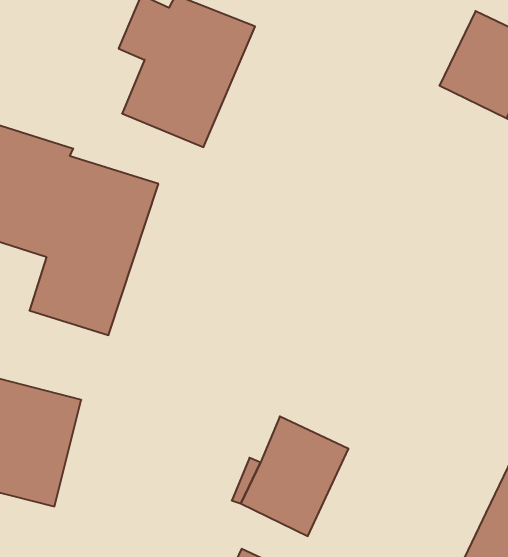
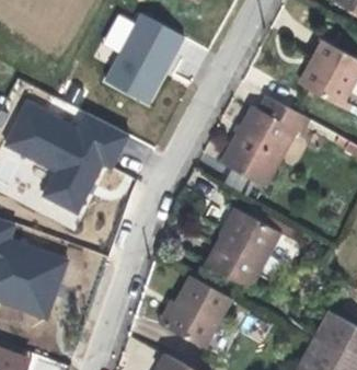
building: none -> [220,92,307,182]
building: none -> [204,206,277,285]

